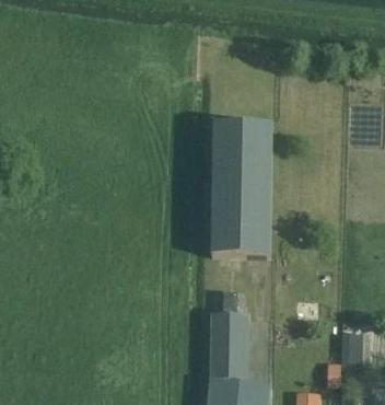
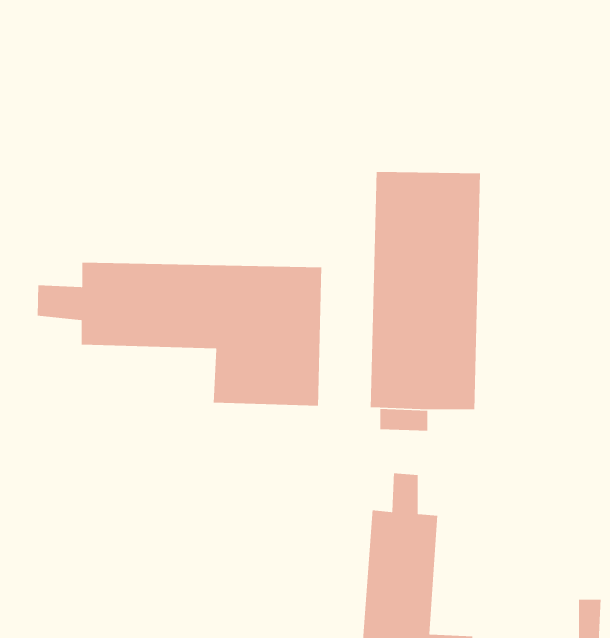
building: none -> [37,262,322,407]

